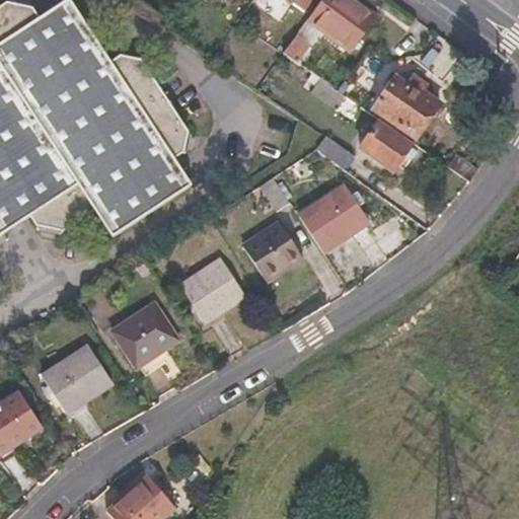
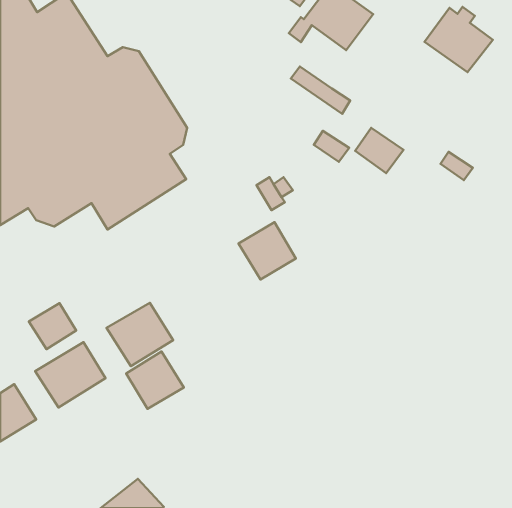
building: [373,72,442,138] -> [424,7,493,72]
building: [298,189,365,252] -> none
building: [177,262,241,324] -> none
building: none -> [29,303,76,349]
building: none -> [126,351,184,409]

